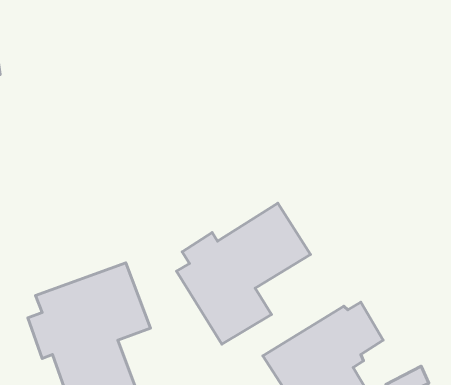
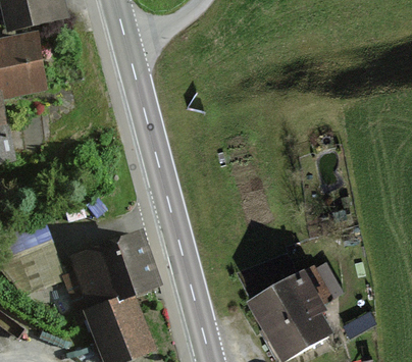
building: [176,203,311,344] -> none

